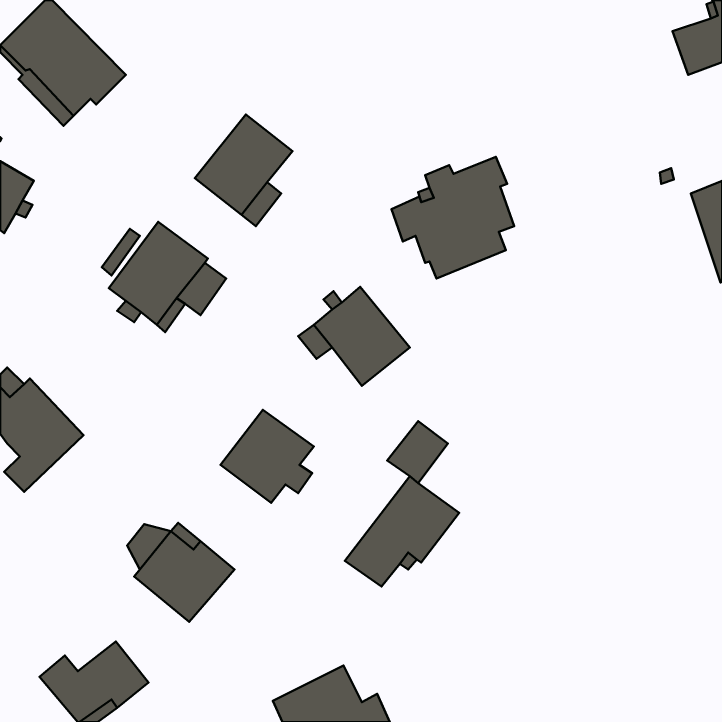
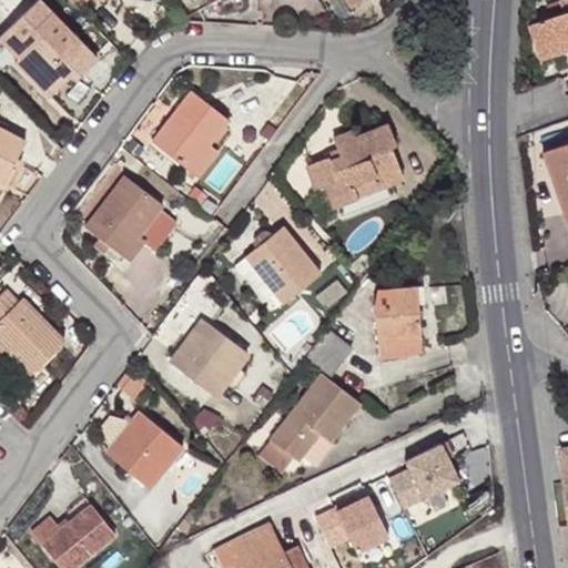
building: none -> [376,286,423,357]
building: none -> [383,438,463,506]
building: none -> [314,487,392,549]

